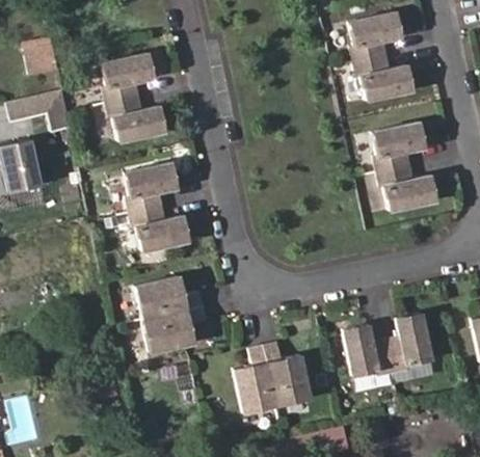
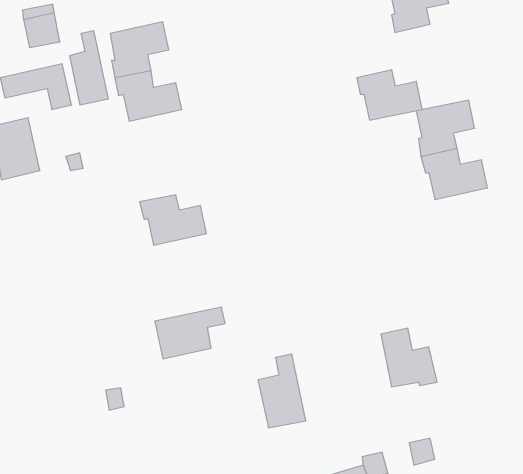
building: [355,55,414,100] -> [357,70,422,120]
building: none -> [70,31,108,105]
building: [125,163,177,213] -> none
building: [135,277,202,319] -> none
building: [385,314,430,373] -> none
building: [264,345,310,407] -> none

